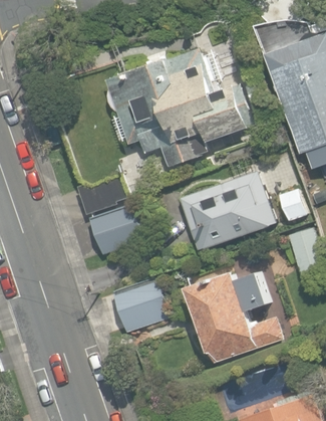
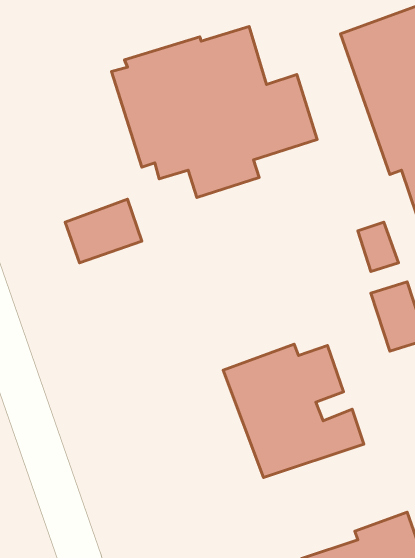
building: [180,171,274,250] -> none
building: [87,202,141,255] -> none
building: [113,278,169,333] -> none

